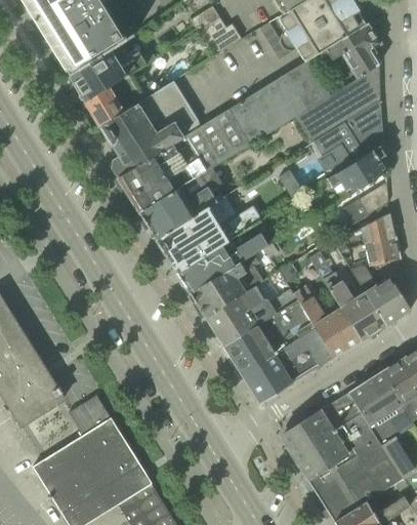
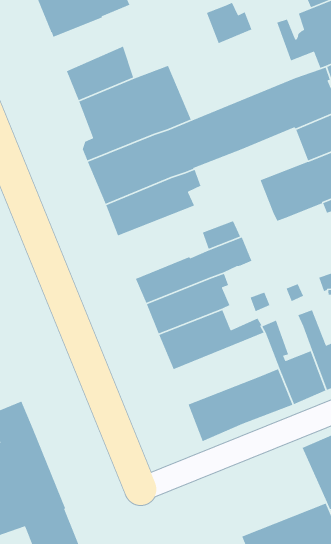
building: [69,50,154,102] -> none
building: [155,196,236,272] -> none
building: [223,299,315,373] -> none
building: [283,394,376,480] -> none

